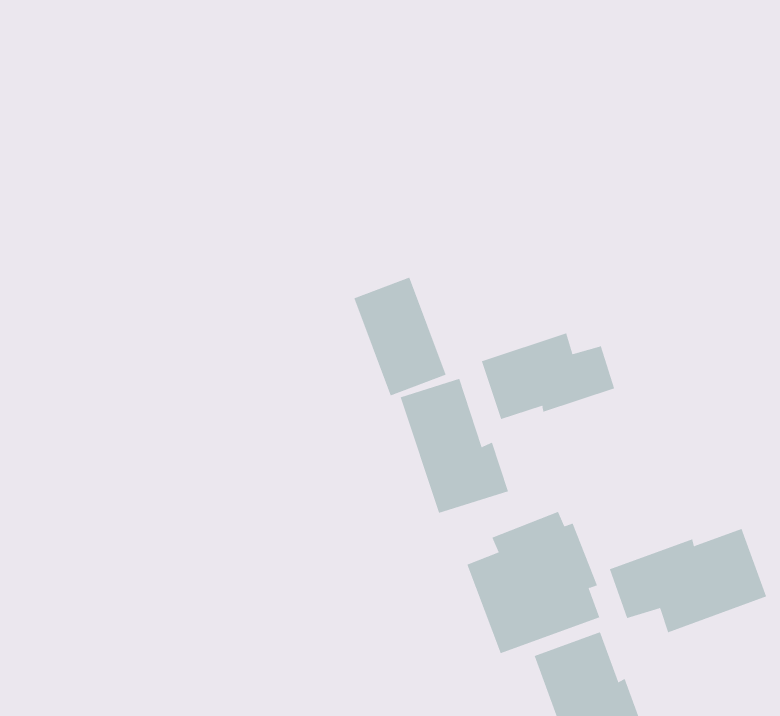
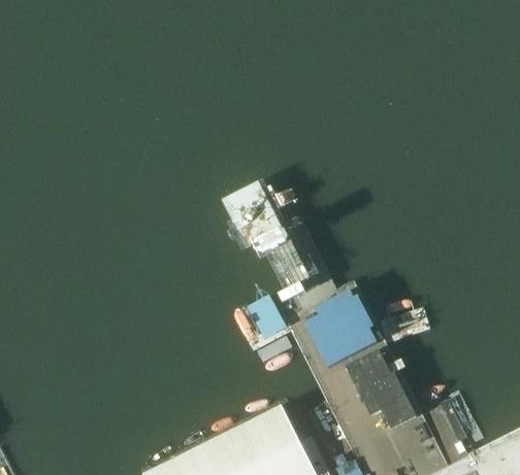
building: [481,332,615,420] -> none
building: [609,528,767,633] -> none

